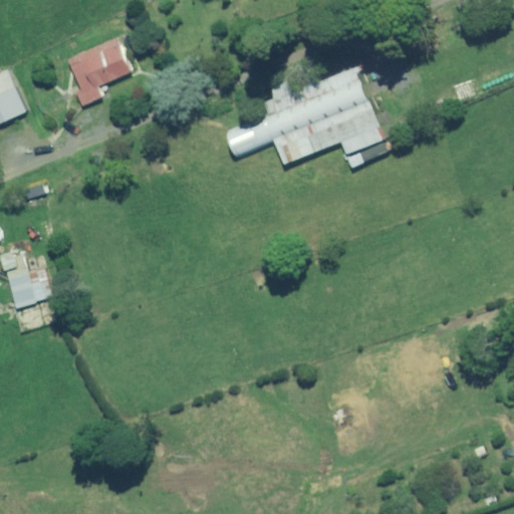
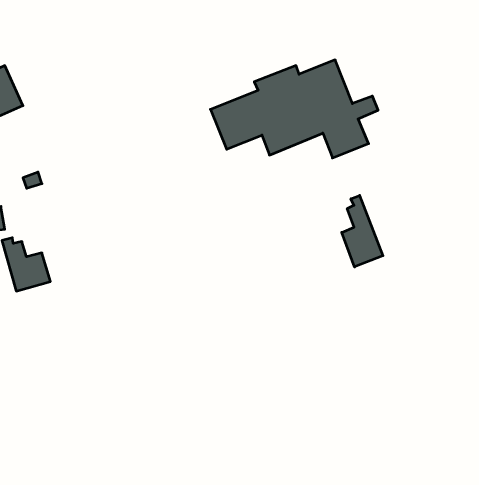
building: [67,38,132,106] -> none
building: none -> [342,195,383,267]

